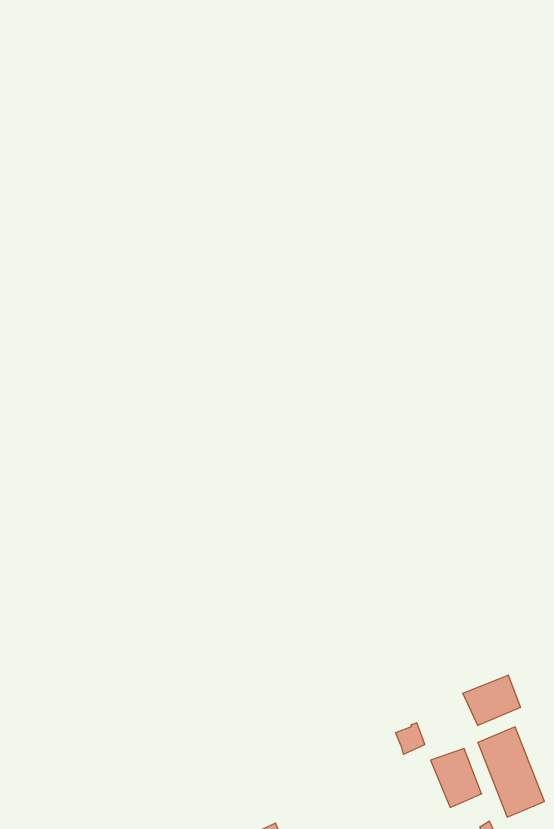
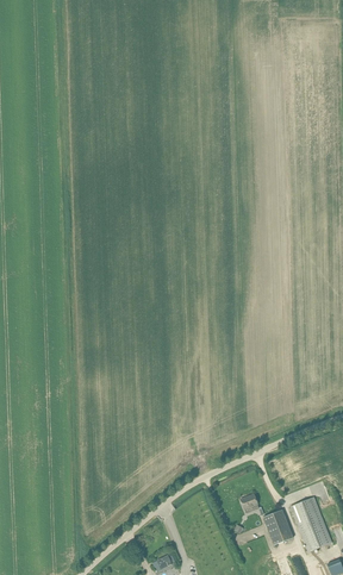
building: [463,675,520,726] -> none

